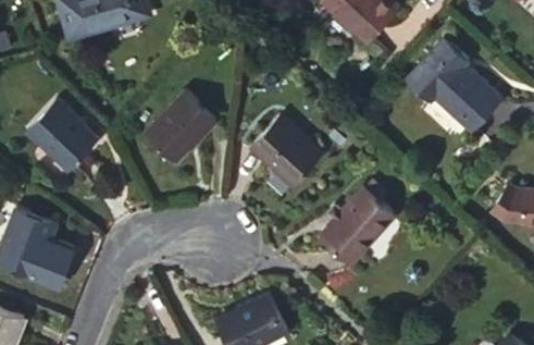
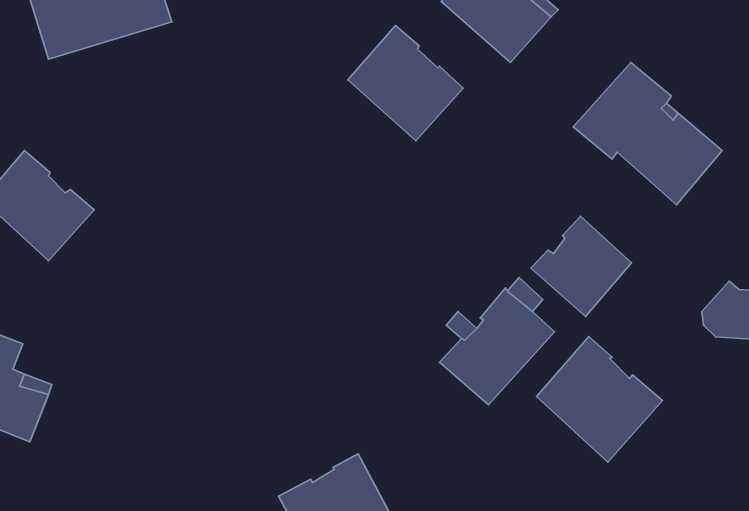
building: [146,90,215,162] -> none
building: [250,113,324,187] -> [348,26,463,141]
building: none -> [531,216,632,317]
building: none -> [536,337,662,462]

